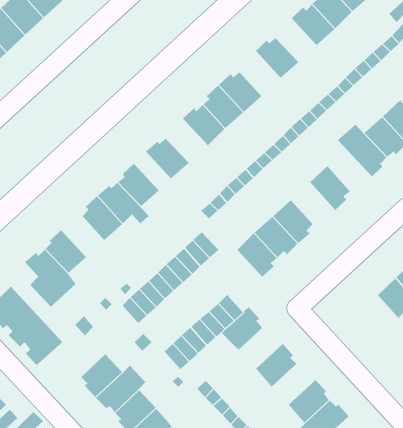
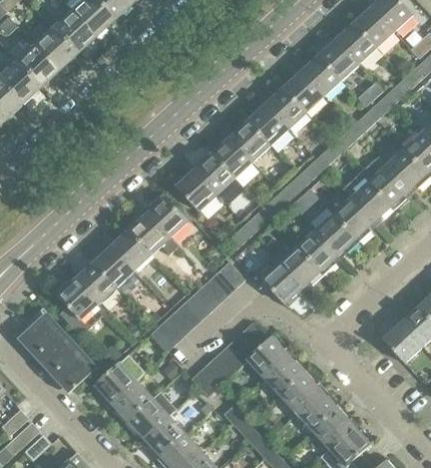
building: none -> [302,53,342,96]
building: none -> [267,85,307,129]
building: none -> [194,151,236,194]
building: none -> [344,172,396,222]
building: none -> [317,213,360,255]
building: none -> [92,247,134,287]
building: none -> [383,324,422,363]
building: none -> [92,356,144,404]
building: none -> [266,356,309,396]
building: none -> [298,391,341,431]

